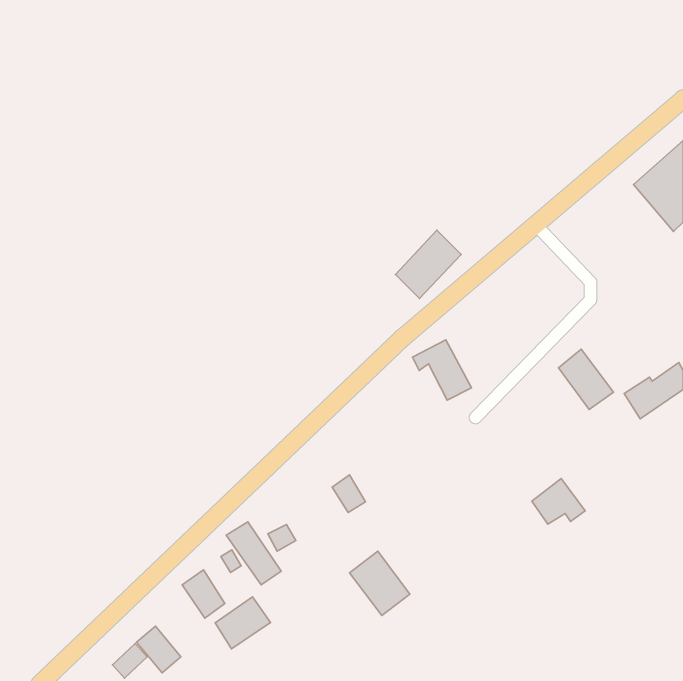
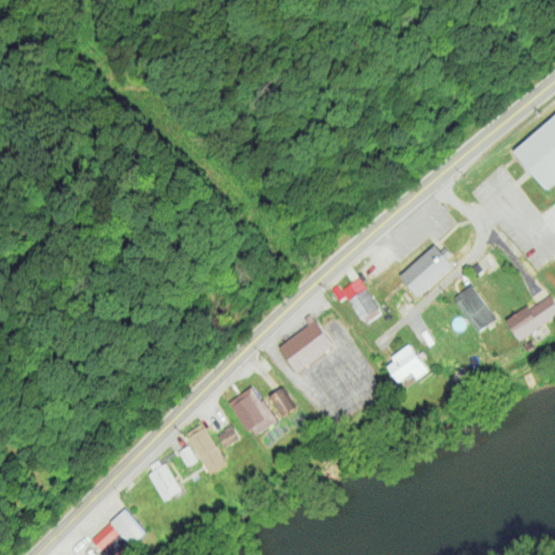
building: [395,230,461,299] -> [400,243,453,298]
building: none -> [278,321,334,374]
building: [532,479,585,524] -> [385,346,428,383]
building: [350,551,410,615] -> [228,387,276,439]
building: [215,597,271,649] -> none

